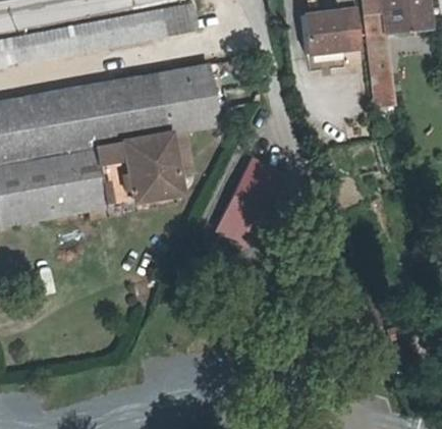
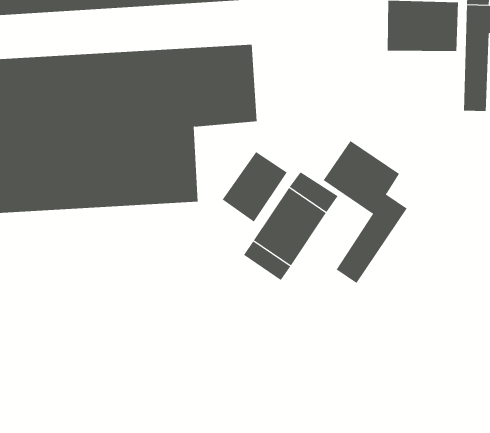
building: none -> [323,140,407,284]
building: none -> [222,151,288,222]

